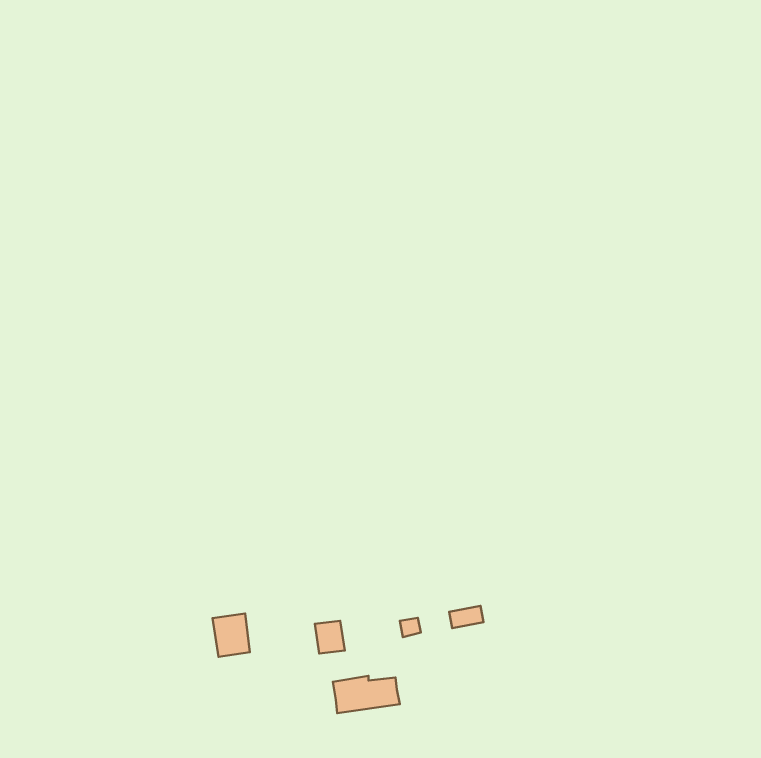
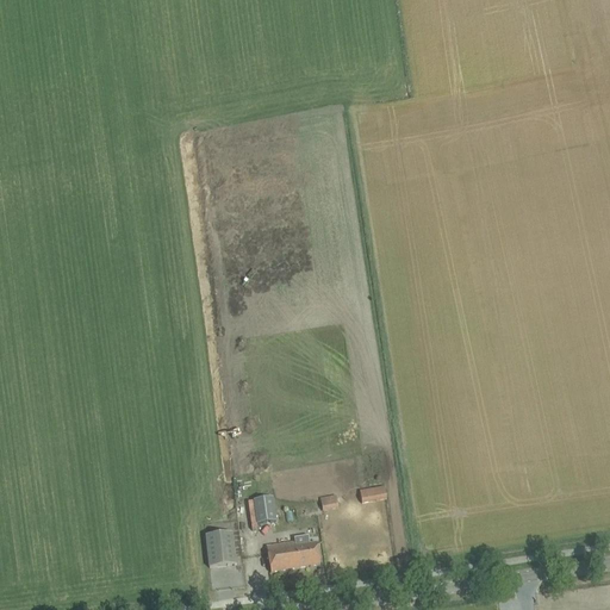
building: [212,614,250,657] -> [204,531,234,566]

